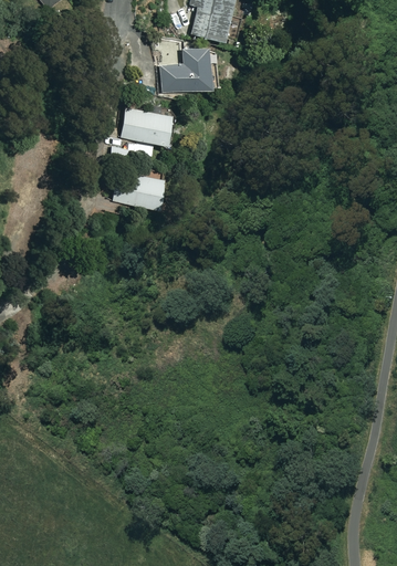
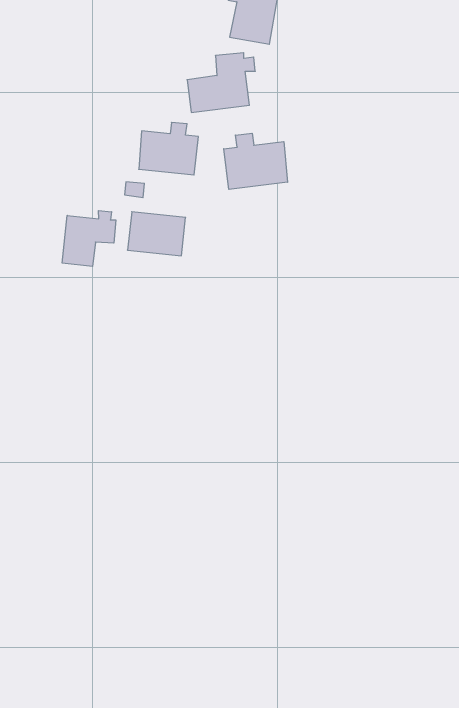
building: none -> [224,133,288,189]
building: none -> [62,211,116,266]

